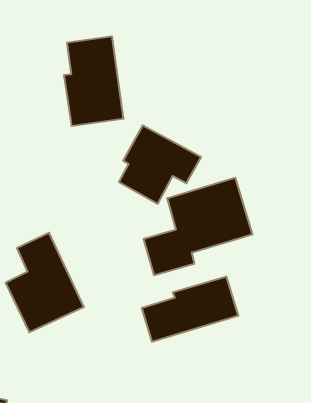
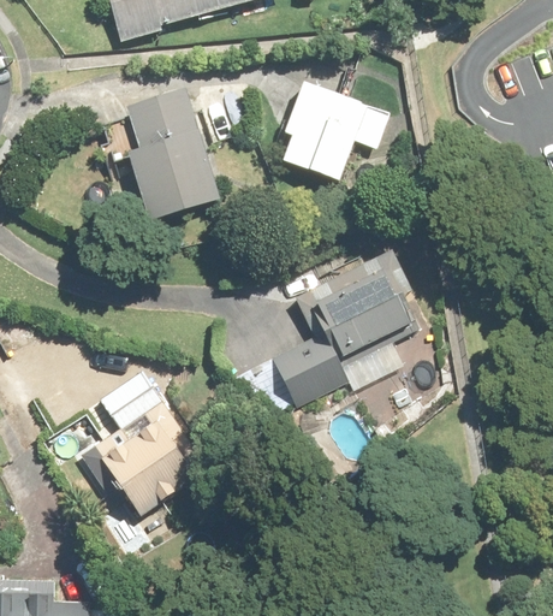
building: [119,125,201,204] -> [283,81,390,184]
building: [142,276,238,342] -> none

